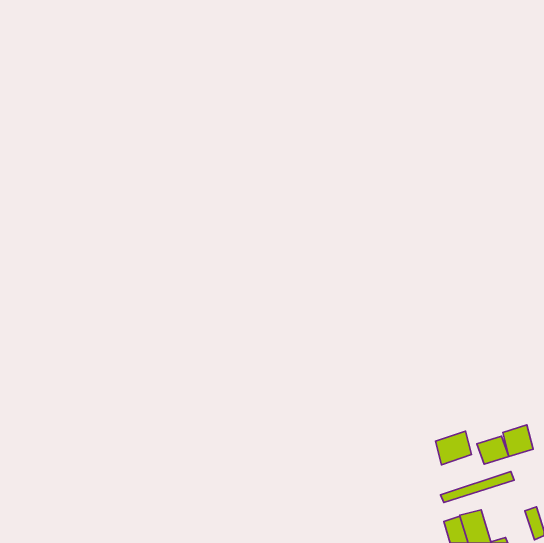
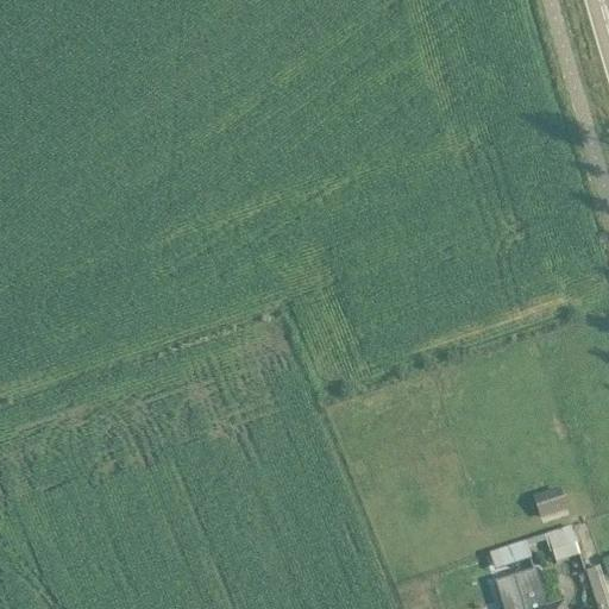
building: [503,425,533,457] -> none
building: [435,431,472,465] -> none

